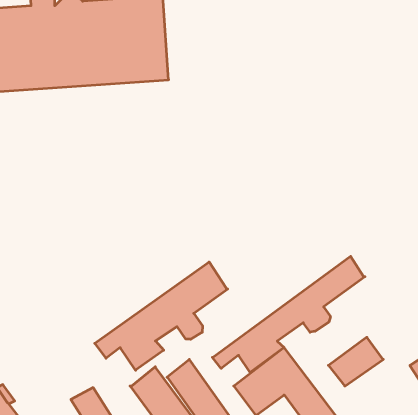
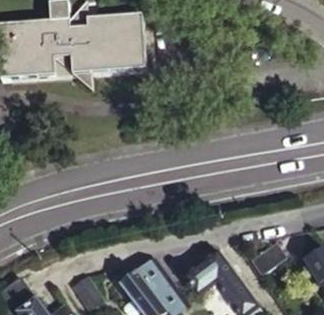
building: [212,256,365,373] -> none
building: [95,262,228,370] -> none

